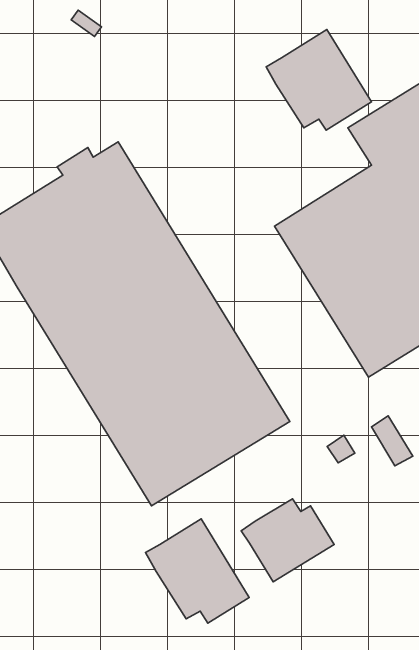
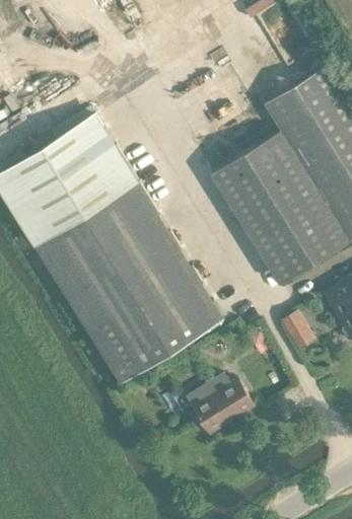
building: [266,30,371,130] -> none
building: [146,519,249,623] -> none

